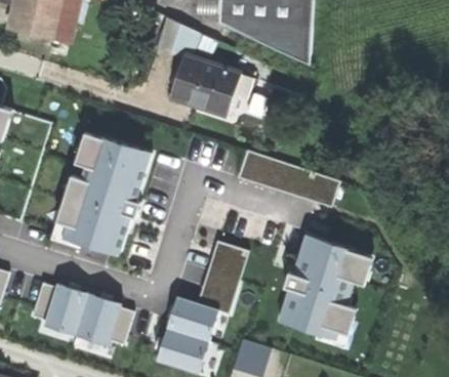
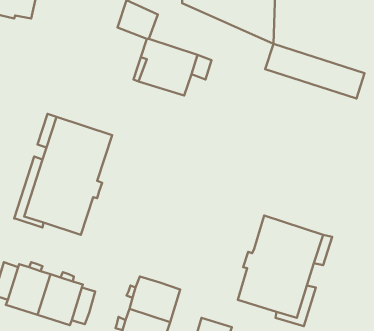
building: [238,152,338,207] -> [265,44,365,99]
building: [198,241,249,312] -> none

